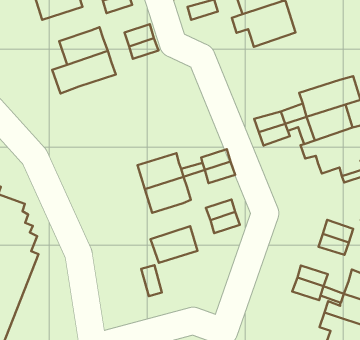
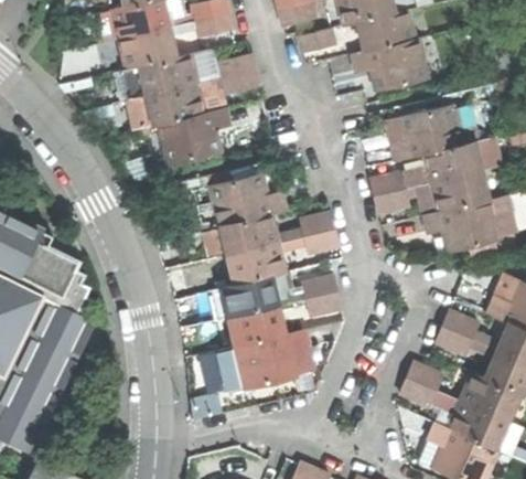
building: none -> [118,26,176,68]
building: none -> [388,105,475,160]
building: none -> [157,108,228,163]
building: none -> [207,174,283,226]
building: none -> [223,276,279,317]
building: none -> [235,331,305,386]

